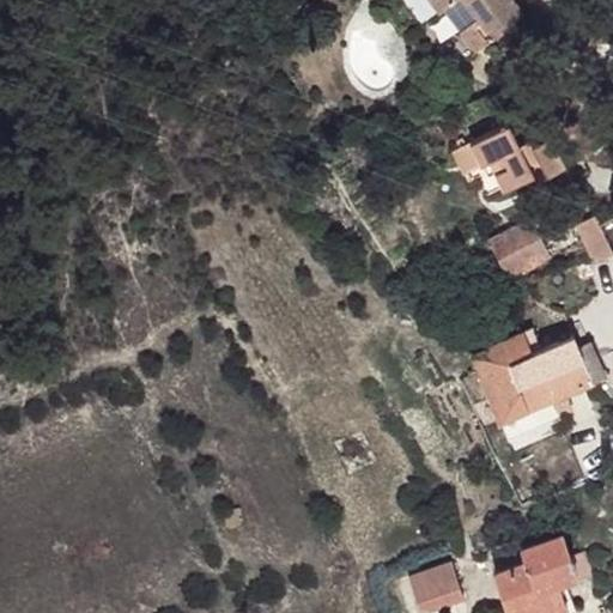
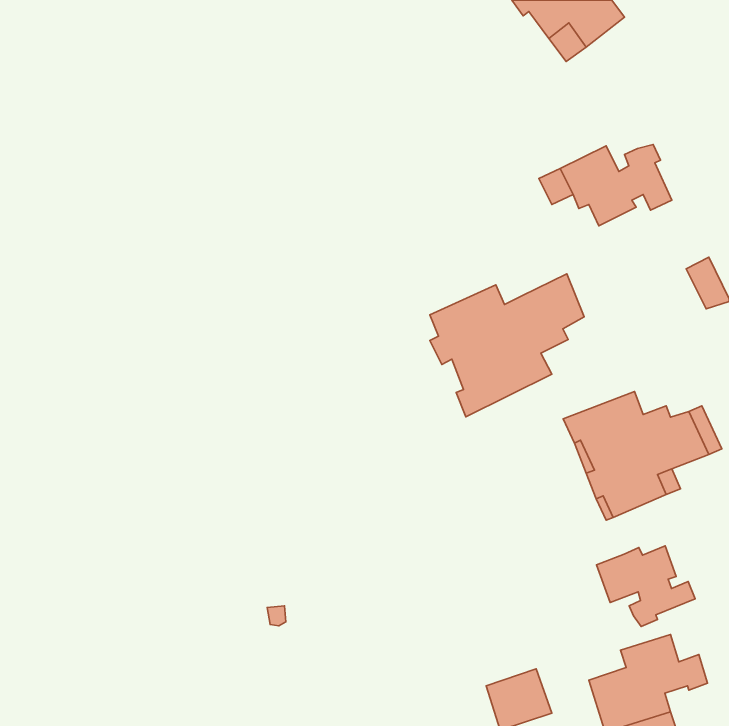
building: [486,220,550,281] -> none
building: none -> [430,274,584,417]
building: none -> [596,546,695,627]

